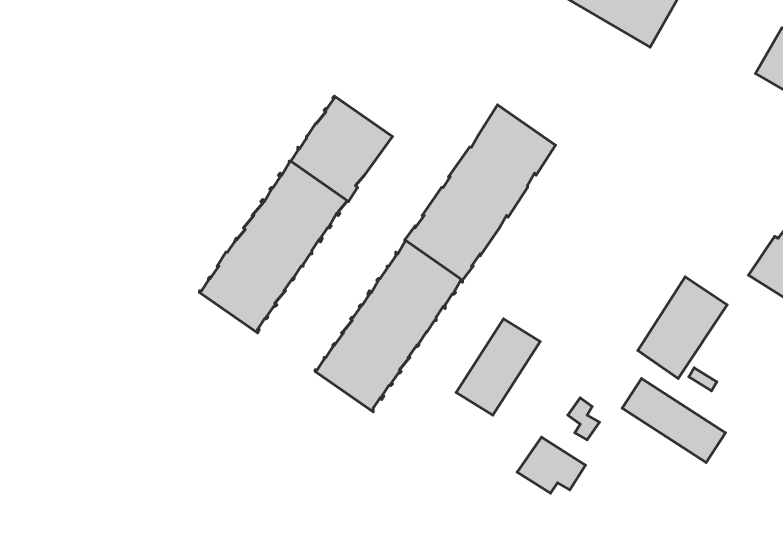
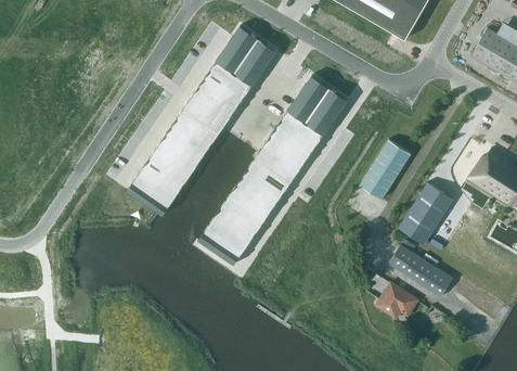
building: none -> [210,26,276,94]
building: [456,319,540,415] -> [359,139,411,199]
building: [517,437,585,493] -> [375,282,417,317]

